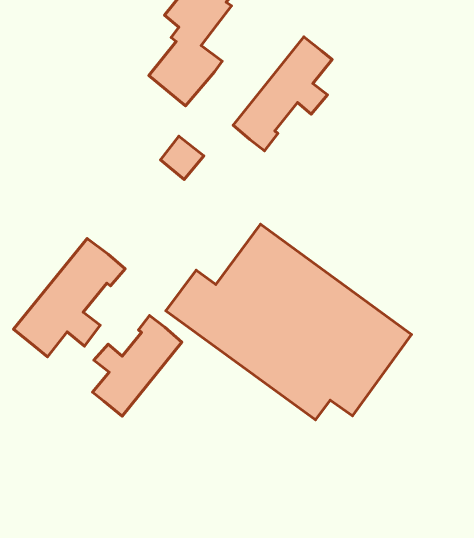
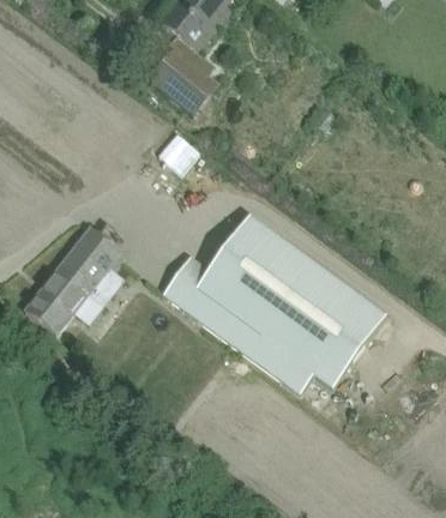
building: [233,37,332,151] -> none
building: [93,315,182,416] -> none

